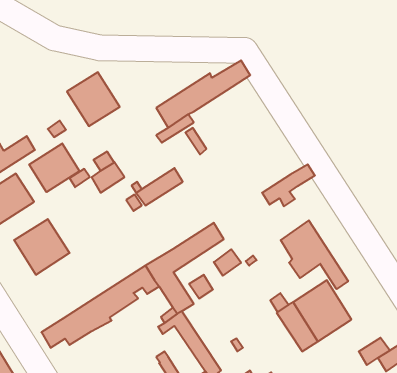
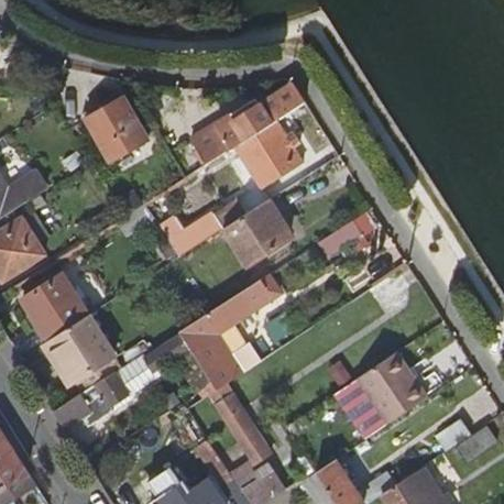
building: none -> [237,119,305,187]
building: [29,143,79,192] -> none
building: none -> [223,199,289,266]
building: [281,220,348,289] -> none
building: none -> [46,315,117,394]

